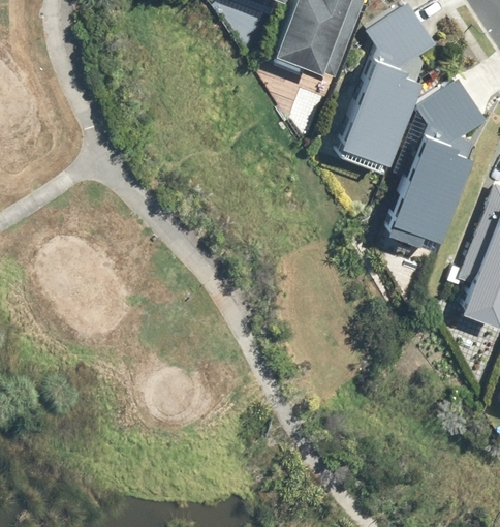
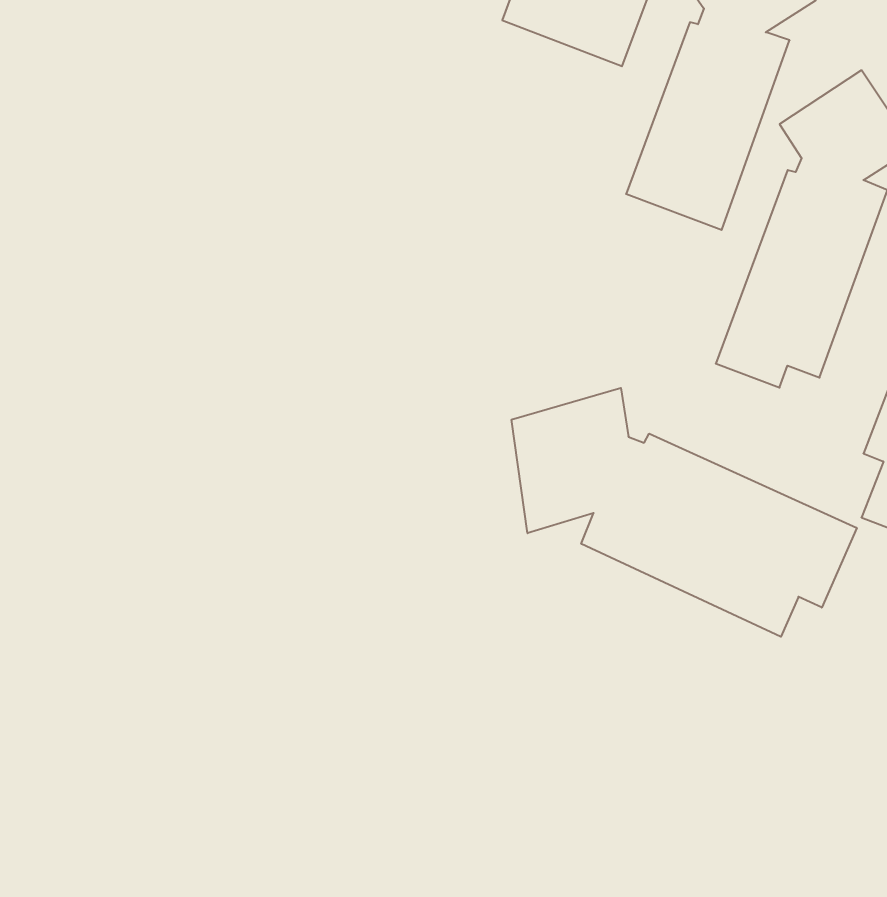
building: none -> [512,388,857,637]

